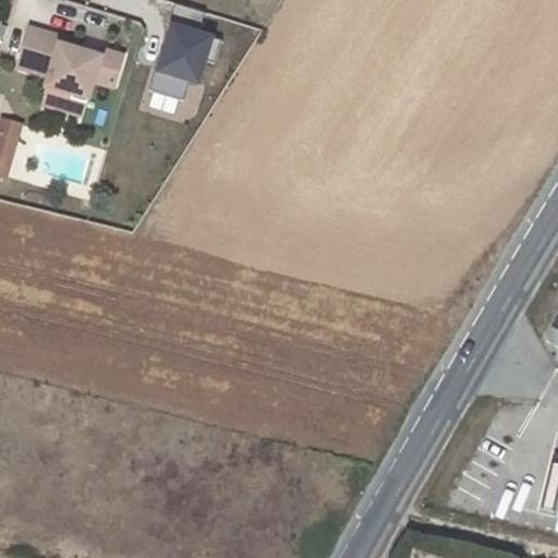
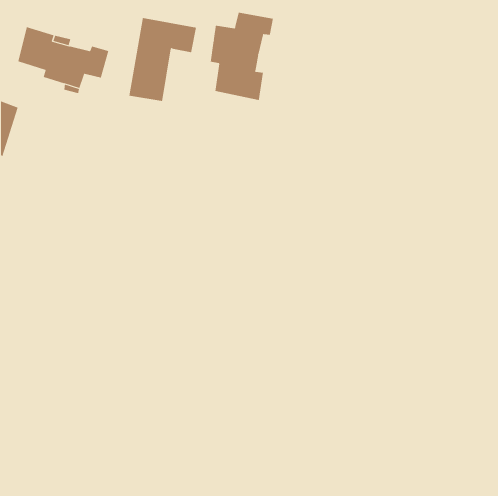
building: none -> [210,12,273,101]

